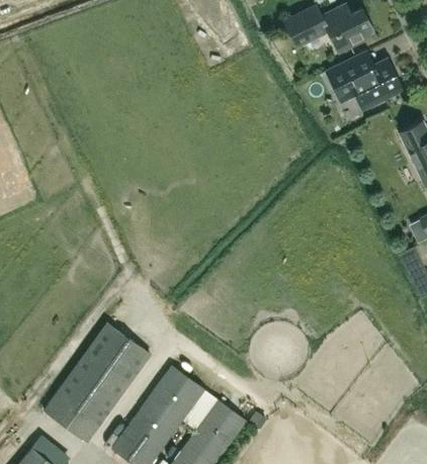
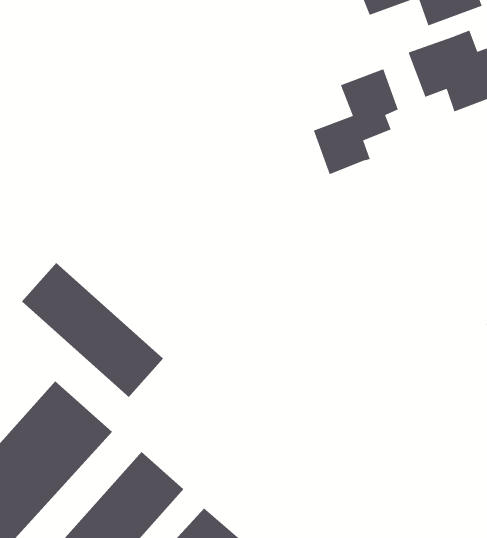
building: none -> [313,68,399,175]
building: none -> [21,262,164,398]

